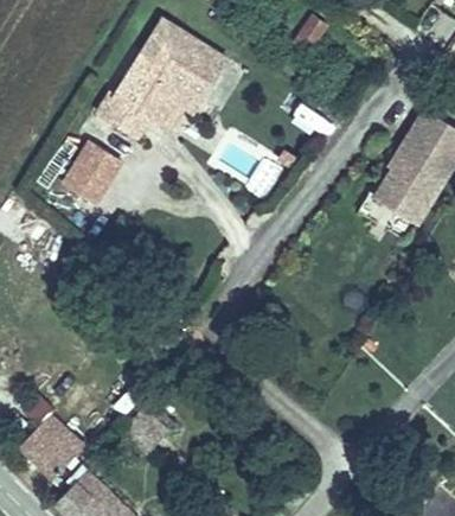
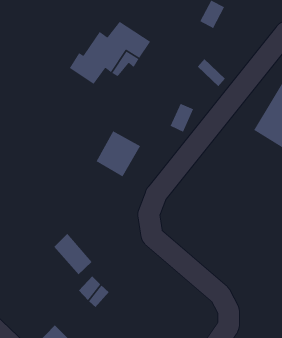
building: [147,21,230,71] -> none
building: [57,138,122,205] -> [95,130,141,177]
building: [12,410,68,471] -> [54,233,93,275]

